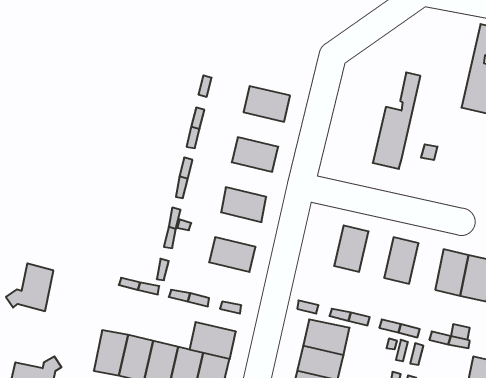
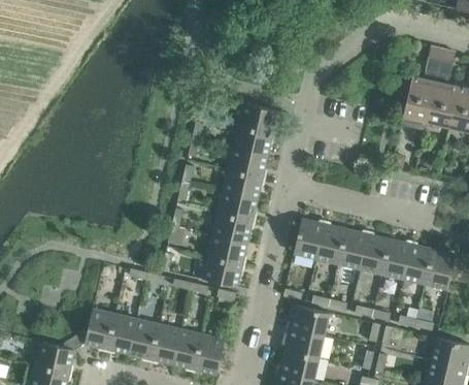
building: [373,72,420,169] -> [402,46,443,130]
building: none -> [233,126,273,156]
building: none -> [223,169,263,199]
building: none -> [213,213,253,243]
building: none -> [294,219,325,259]
building: none -> [338,229,368,269]
building: none -> [381,239,411,280]
building: [6,263,53,311] -> [74,309,115,350]
building: [189,322,236,359] -> [203,256,243,288]

